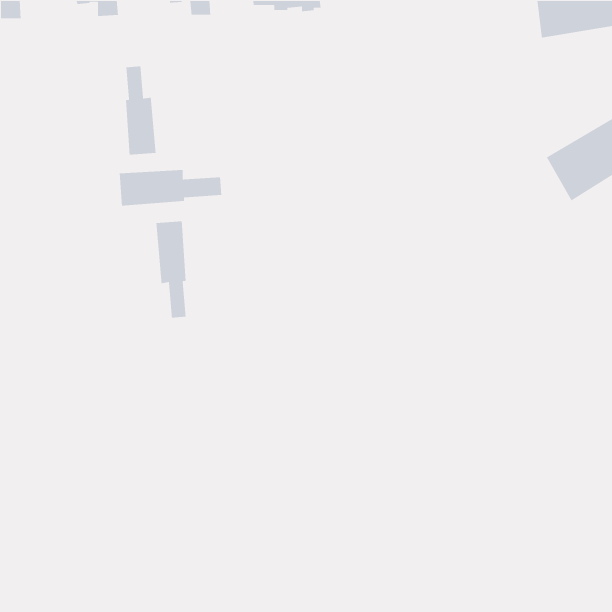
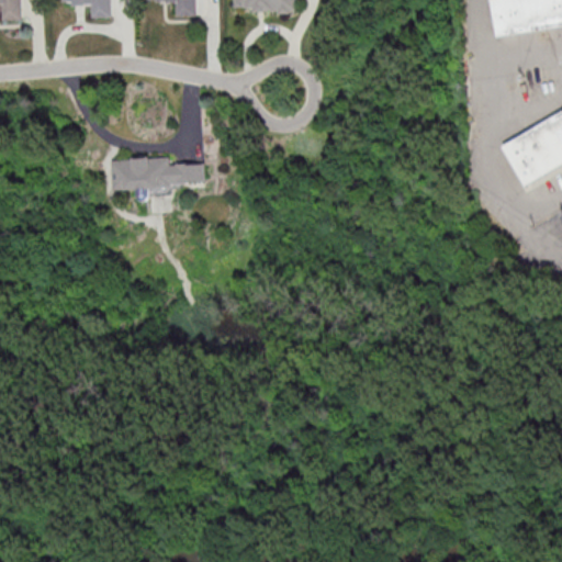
building: [125,65,156,155] -> none
building: [155,221,187,318] -> none

